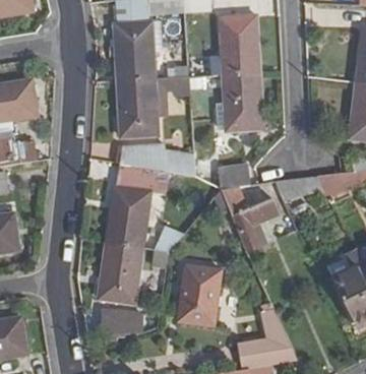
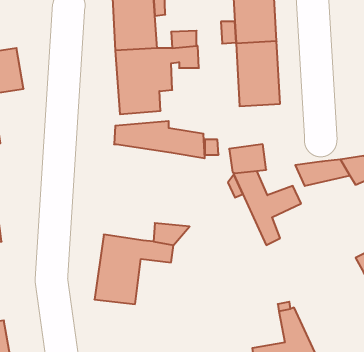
building: [107,164,166,248] -> none
building: [179,265,222,326] -> none
building: [101,310,141,333] -> none

